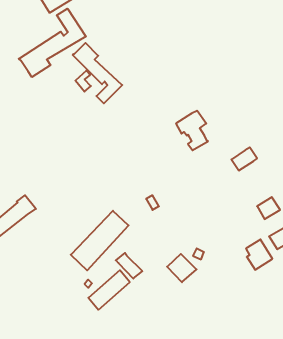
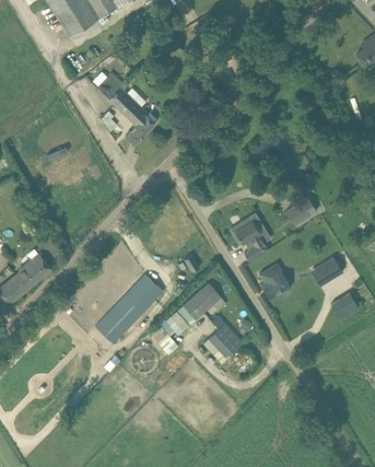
building: [19,9,86,77] -> none
building: [176,111,208,150] -> [230,213,268,260]
building: [246,239,272,270] -> [259,262,291,299]
building: [88,270,130,310] -> [172,282,221,329]

